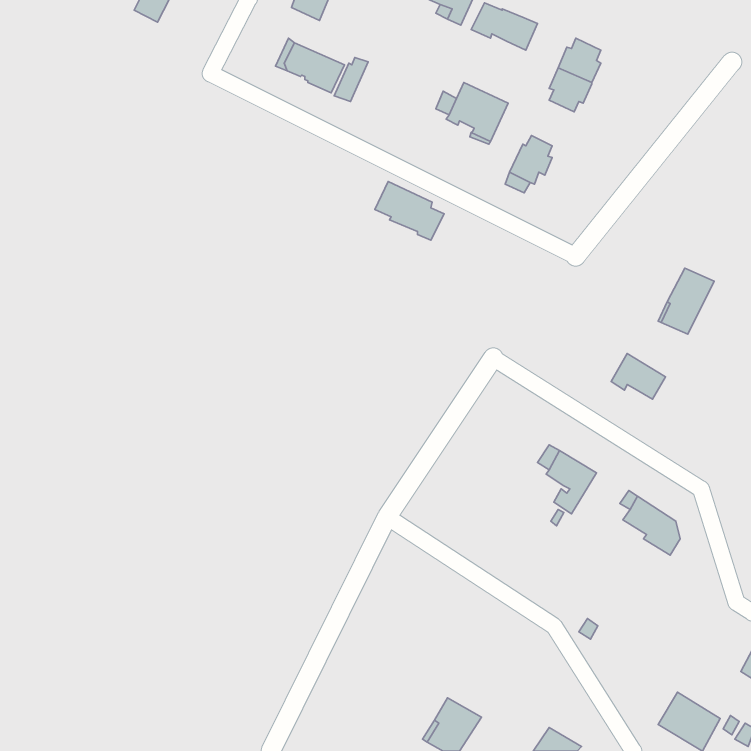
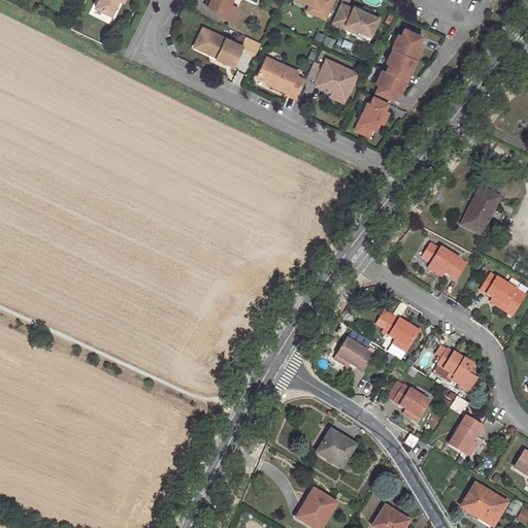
building: none -> [375,68,405,99]
building: [375,181,444,240] -> [257,57,305,98]
building: none -> [482,274,517,309]
building: none -> [336,339,372,370]
building: none -> [394,386,429,421]
building: none -> [450,419,482,456]
building: none -> [319,431,357,468]

